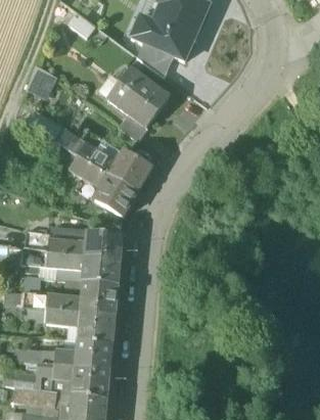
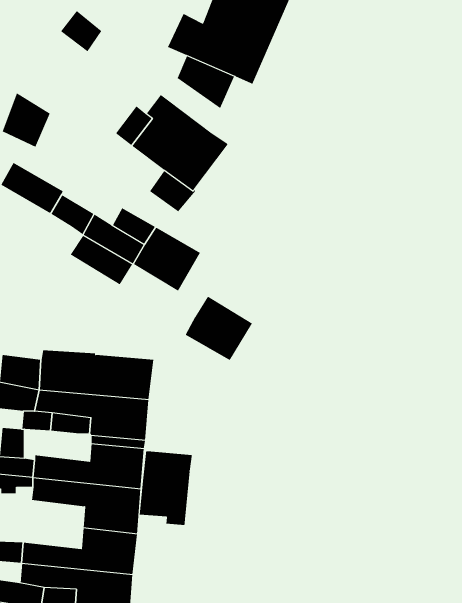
building: [95,174,138,215] -> [185,296,253,361]
building: none -> [139,450,192,526]

